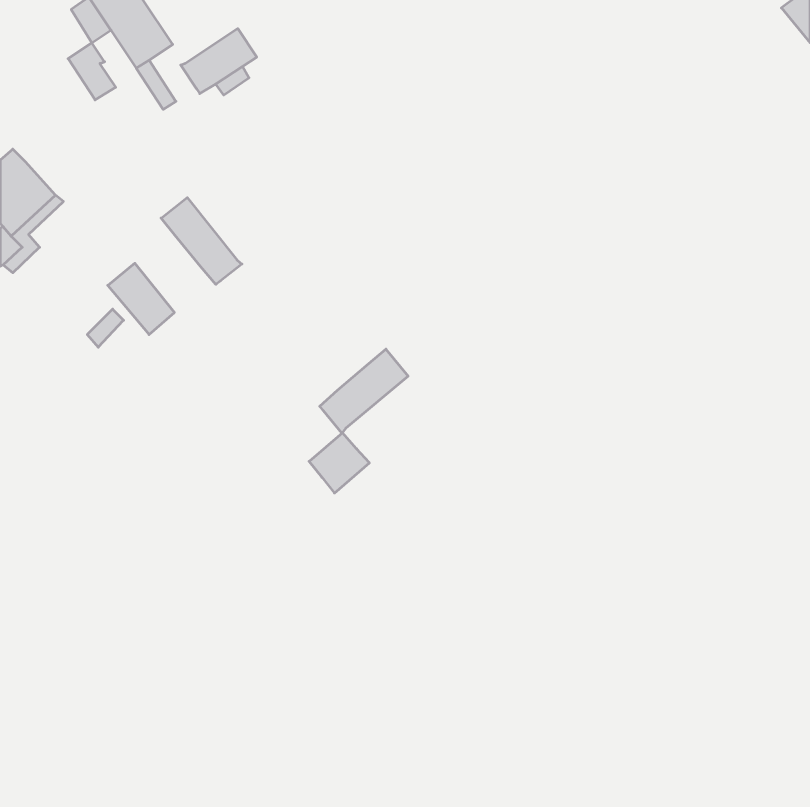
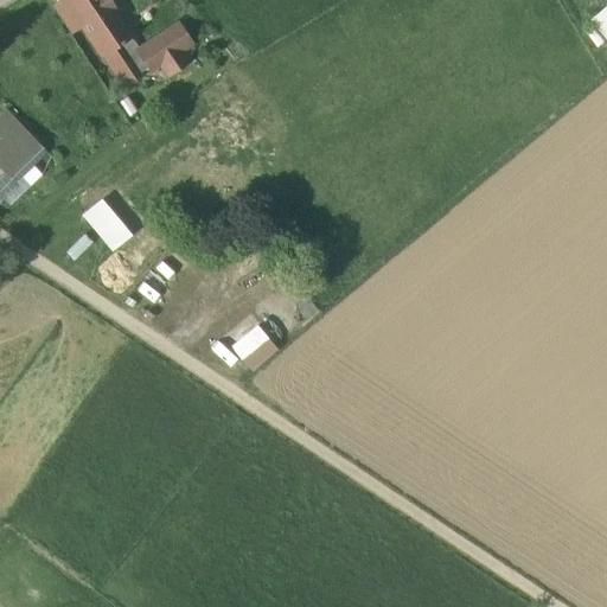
building: [68,43,116,100] -> [111,33,147,76]
building: [161,198,242,284] -> none
building: [320,349,408,433] -> none

